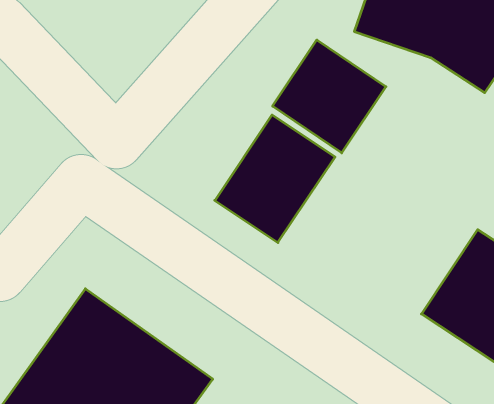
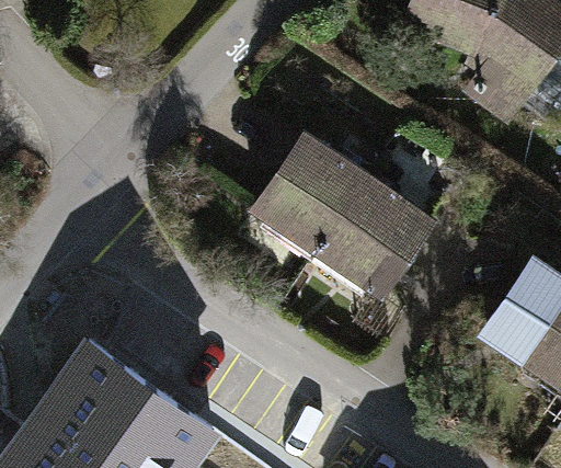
building: [273,40,386,153] -> none
building: none -> [311,176,442,315]

